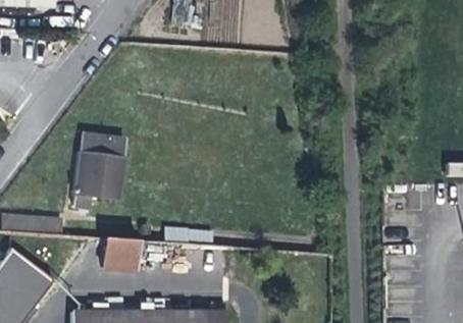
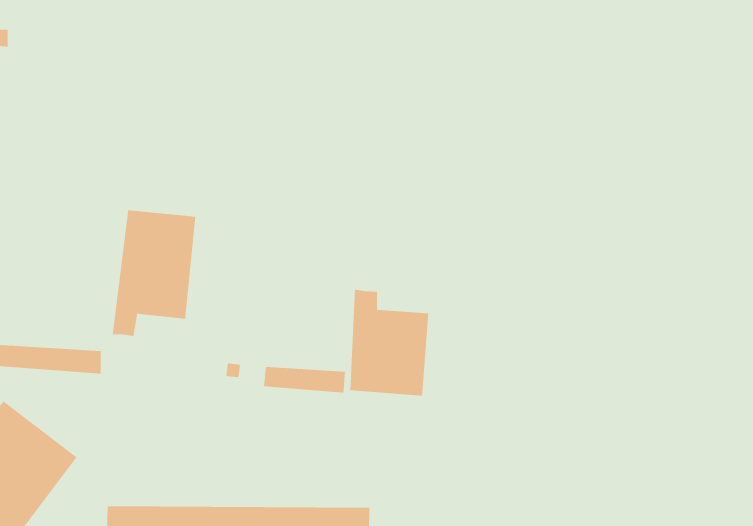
building: none -> [349,289,429,396]
building: [102,238,138,271] -> none

